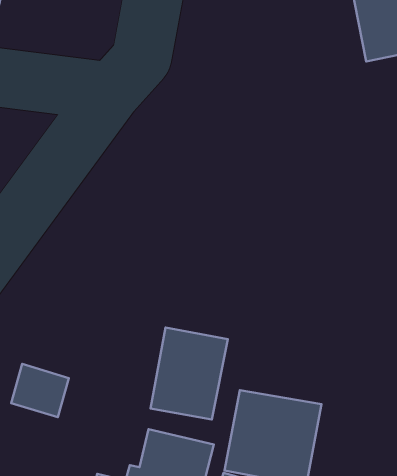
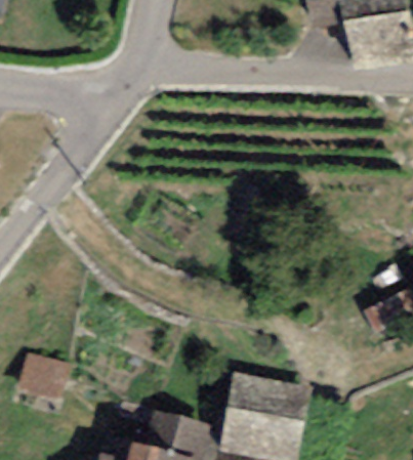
building: [150,327,228,420] -> none

